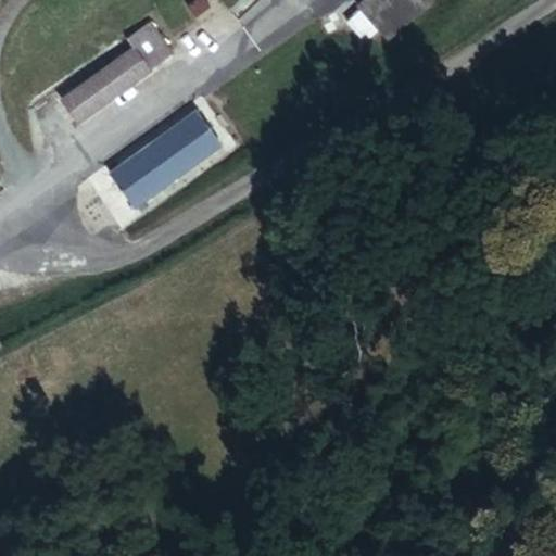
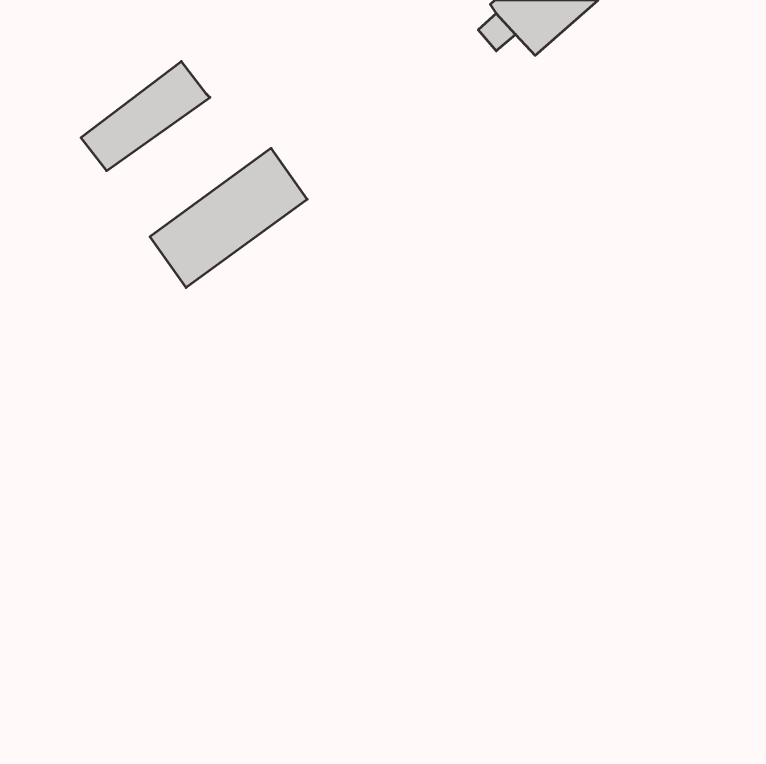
building: [127,22,172,70] -> none

